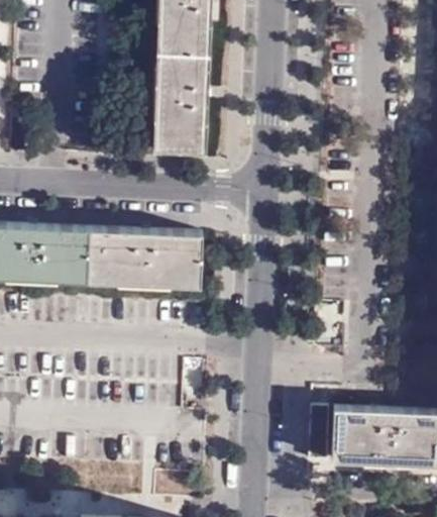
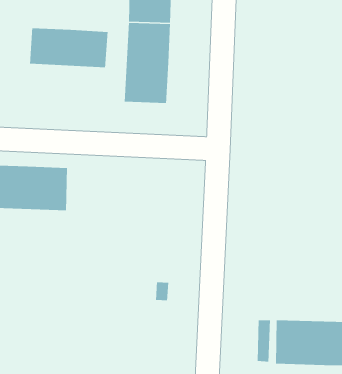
building: none -> [29,27,108,68]
building: [83,226,202,284] -> none

